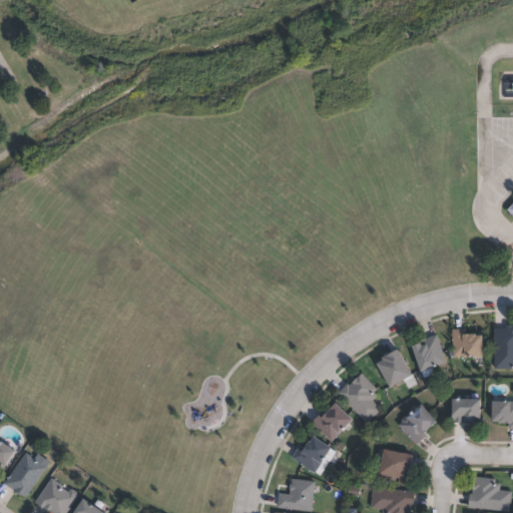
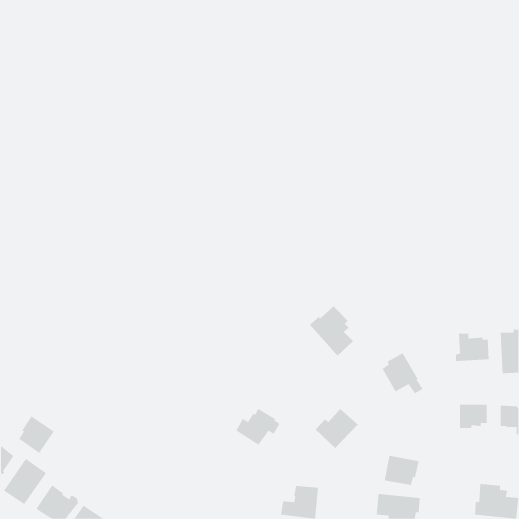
building: [413,334,446,377] -> none
building: [338,374,382,424] -> [309,306,354,356]
building: [399,403,437,445] -> none
building: none -> [19,415,55,454]
building: [292,436,336,473] -> [235,408,280,446]

